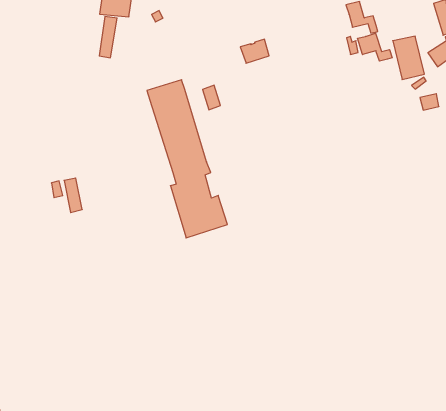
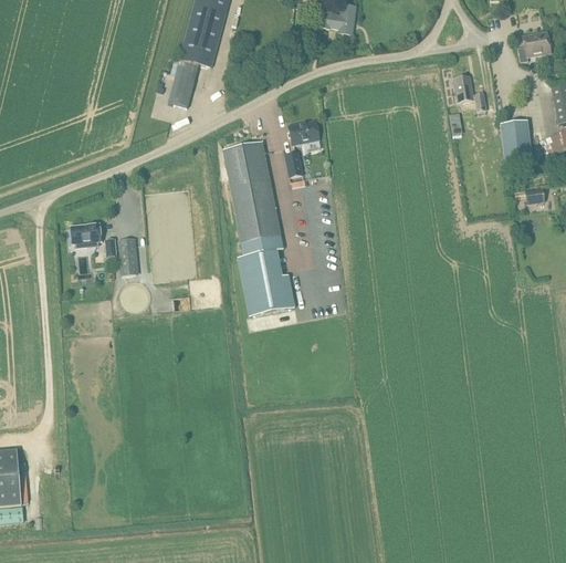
building: [358,33,392,61] -> none
building: [240,39,269,63] -> [287,119,318,144]
building: none -> [70,222,101,247]

